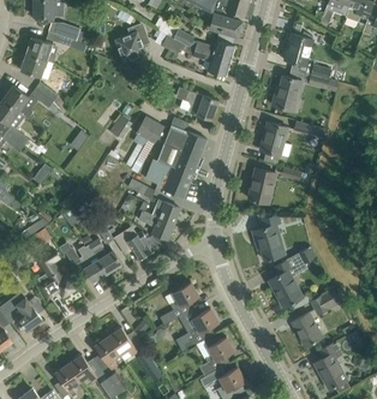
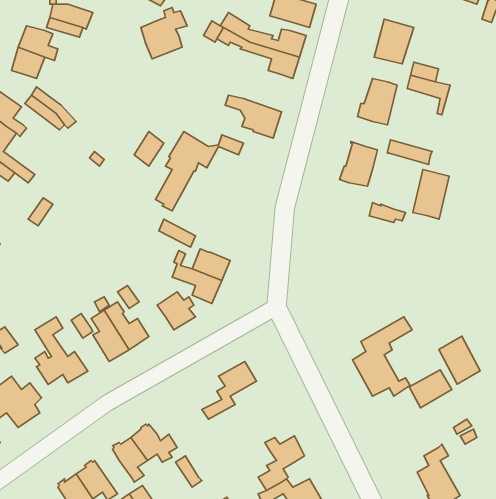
building: [148,126,208,198] -> none
building: [249,168,275,204] -> [413,170,449,219]
building: [252,215,282,261] -> none
building: [181,309,219,351] -> none
building: [292,312,322,347] -> [439,336,480,384]

